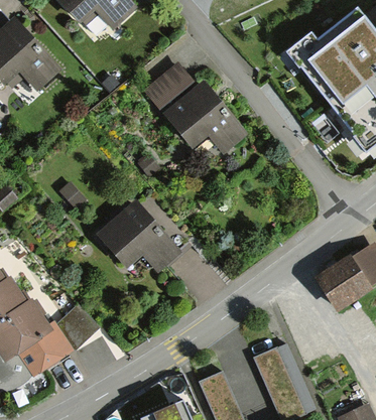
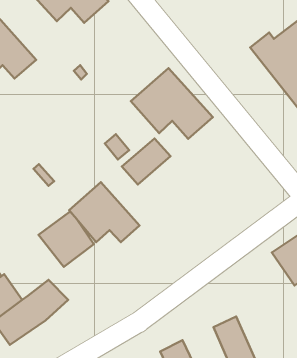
building: [143,60,196,110] -> [122,138,171,185]
building: none -> [38,212,94,267]

